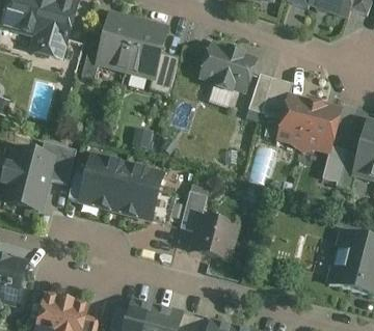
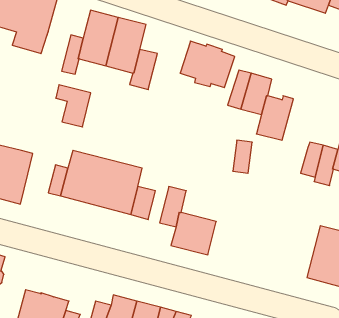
building: [303,103,340,151] -> none
building: [41,141,76,184] -> [56,85,91,127]

